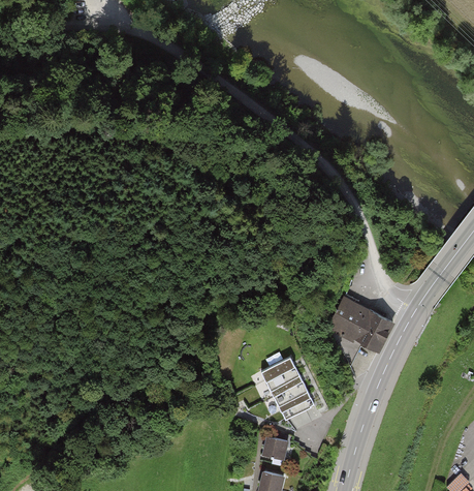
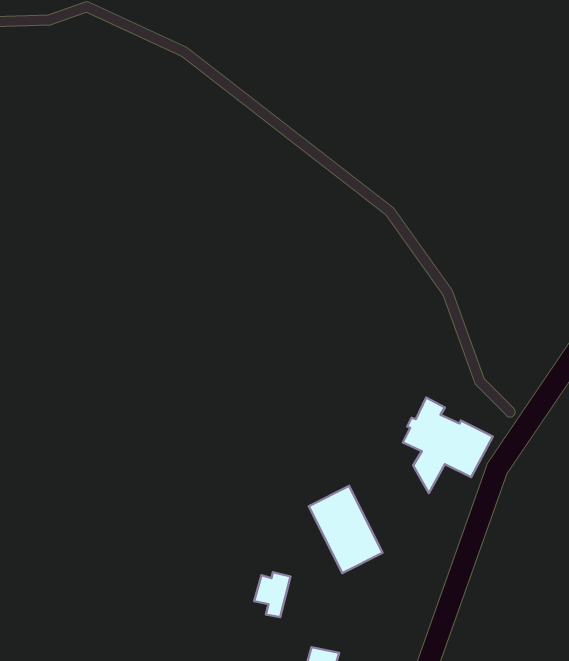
building: [262,433,288,465] -> [254,572,290,617]

